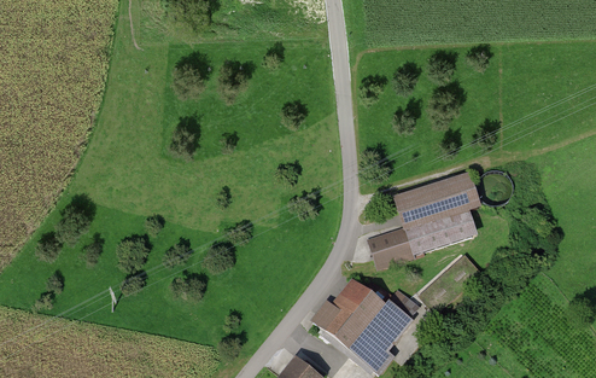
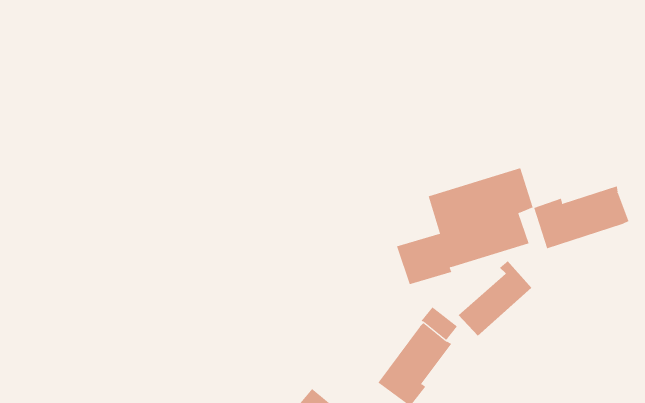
building: none -> [534,185,629,249]
building: [310,279,385,353] -> none

